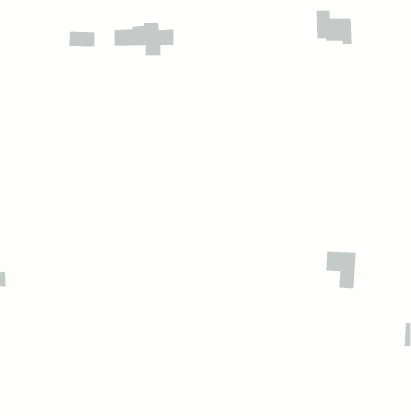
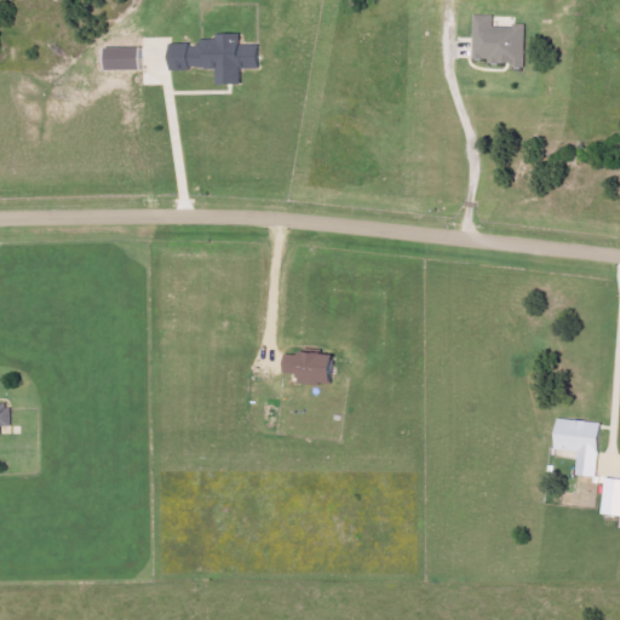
building: none -> [281,351,337,384]
building: [326,251,357,289] -> [553,419,599,476]

